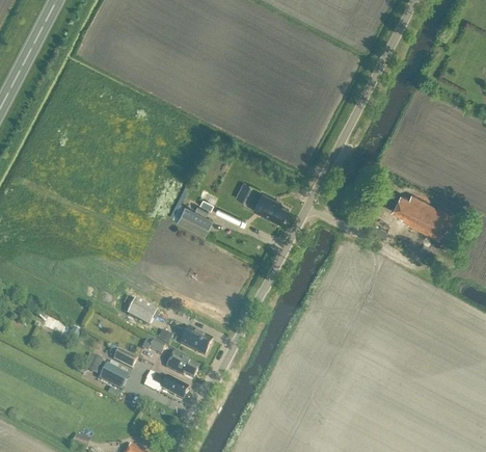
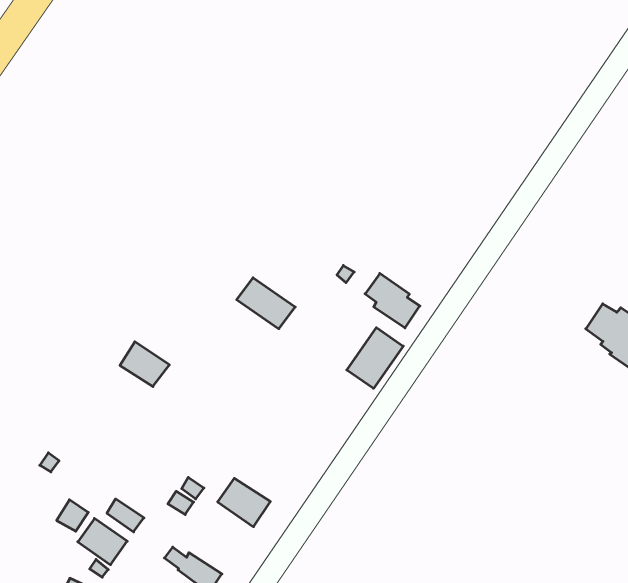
building: none -> [347,328,403,388]
building: [126,298,156,324] -> [120,342,169,387]
building: [164,349,197,376] -> none

